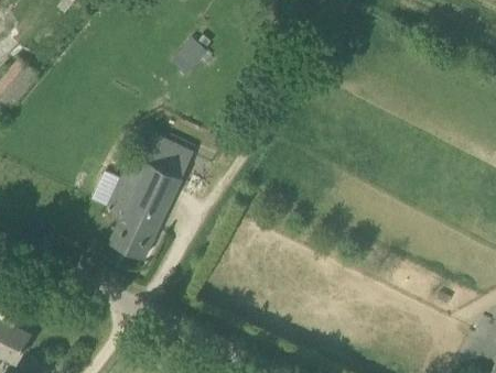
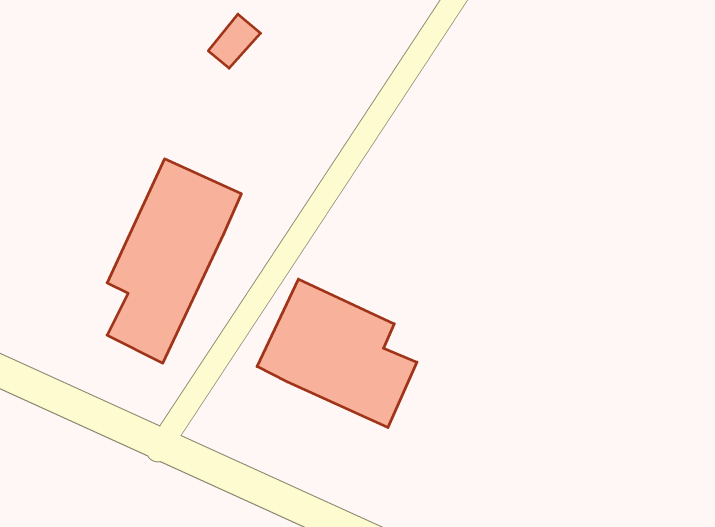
building: none -> [257,279,417,428]

